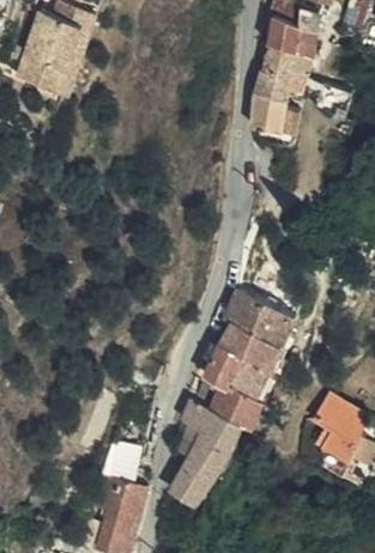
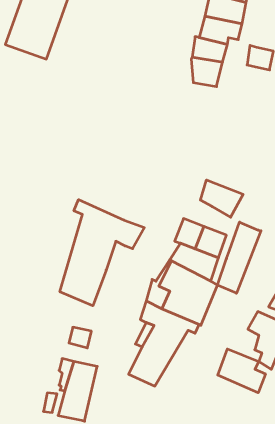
building: none -> [200,180,243,217]
building: none -> [60,200,144,306]
building: none -> [218,222,261,293]
building: none -> [218,349,265,393]

